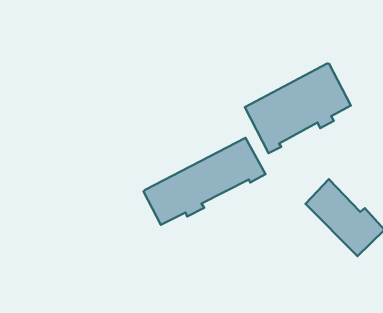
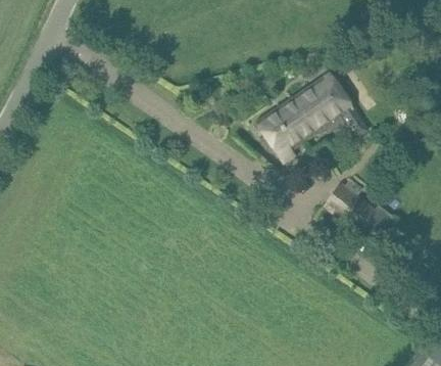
building: [144,138,265,225] -> none

